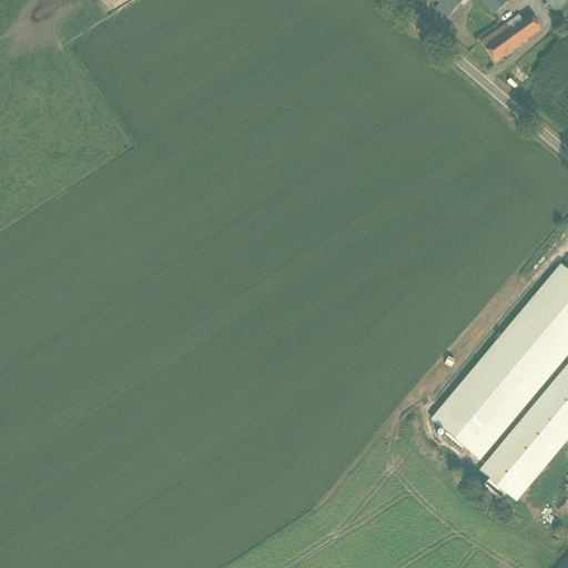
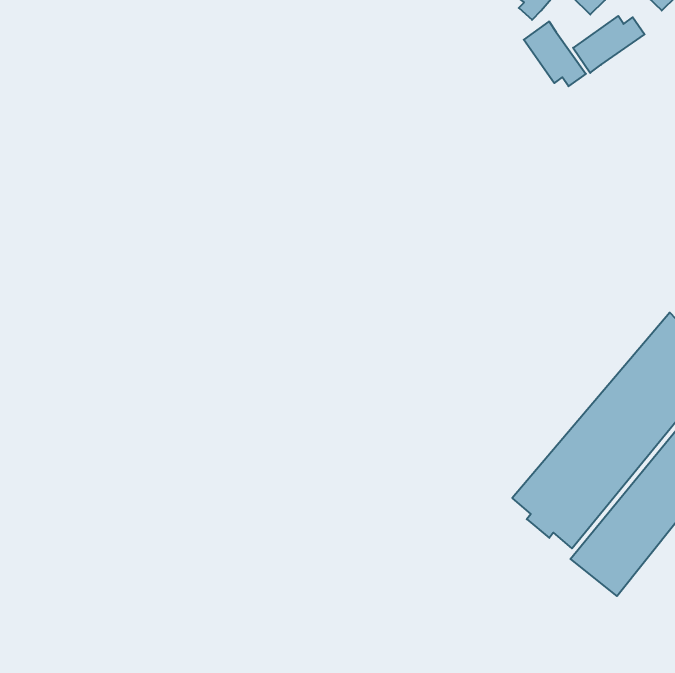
building: none -> [524,21,586,86]

